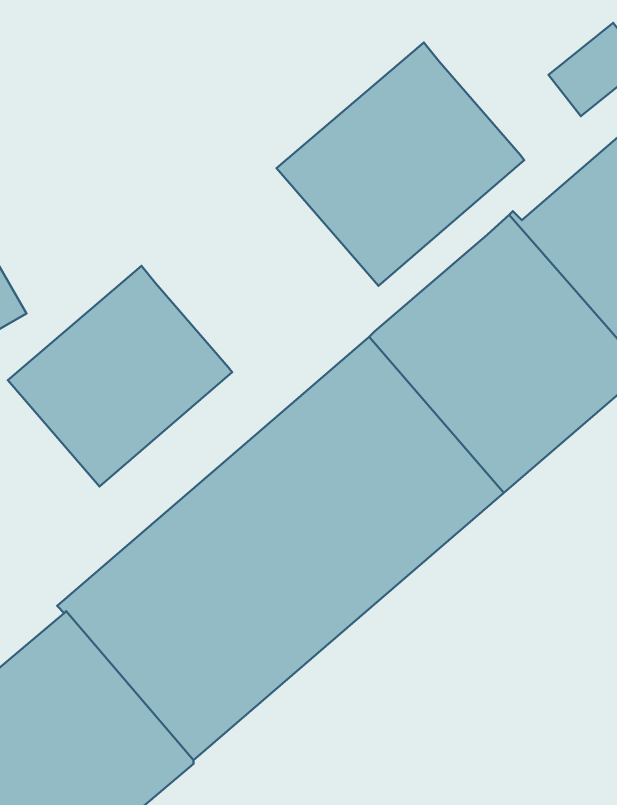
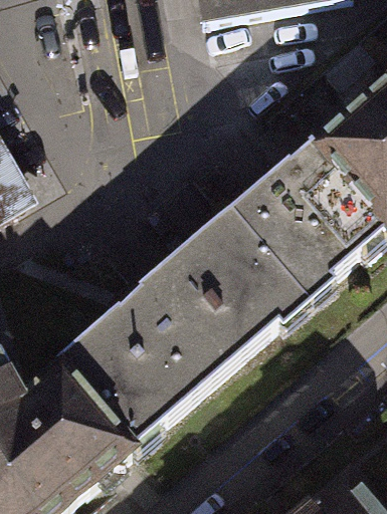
building: [277,43,524,286] -> none
building: [8,266,232,486] -> none

